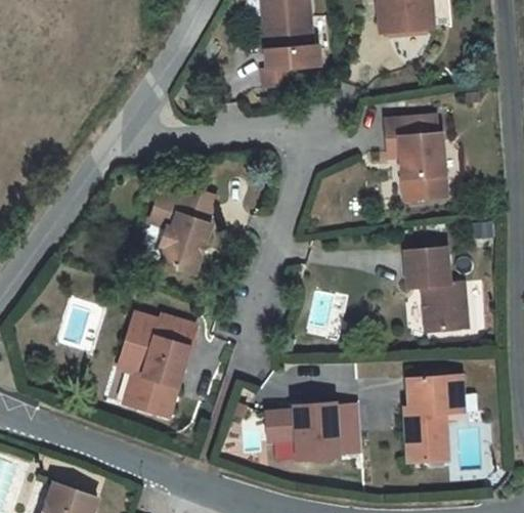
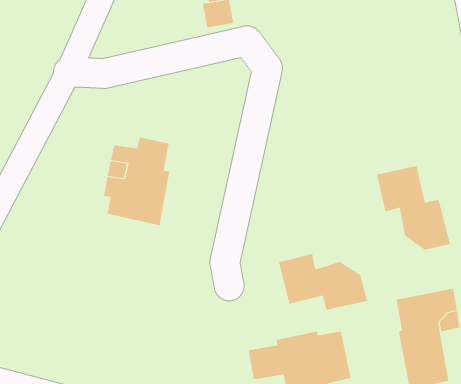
building: [383,119,445,204] -> none
building: [116,312,194,417] -> none
building: none -> [278,253,367,310]

